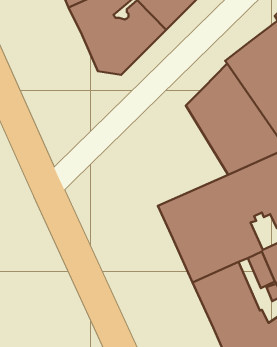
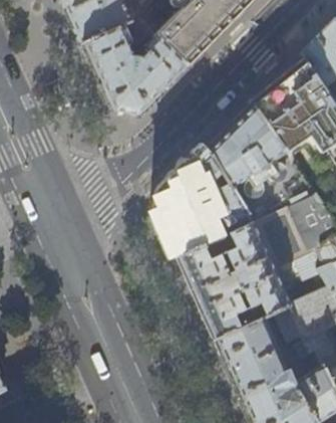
building: none -> [160,149,253,256]

